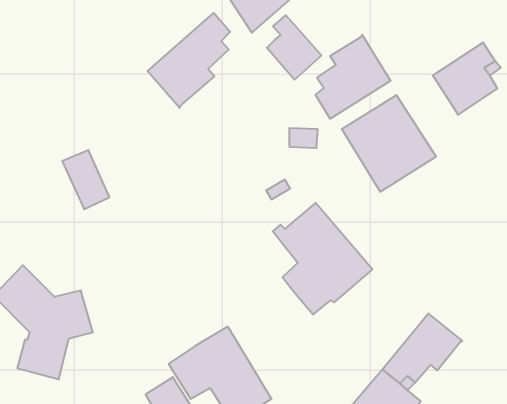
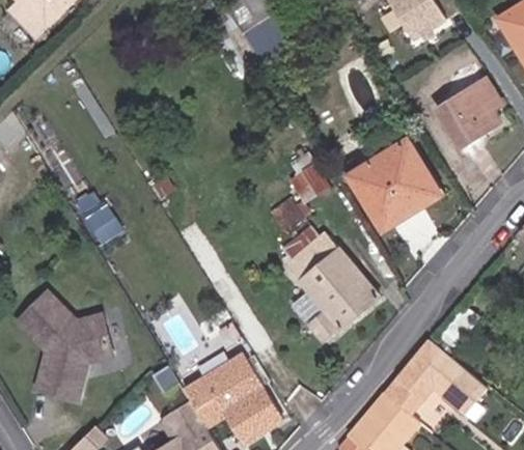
building: [148,13,230,108] -> none
building: [267,15,321,80] -> none
building: [315,35,391,119] -> none
building: none -> [439,366,487,414]

